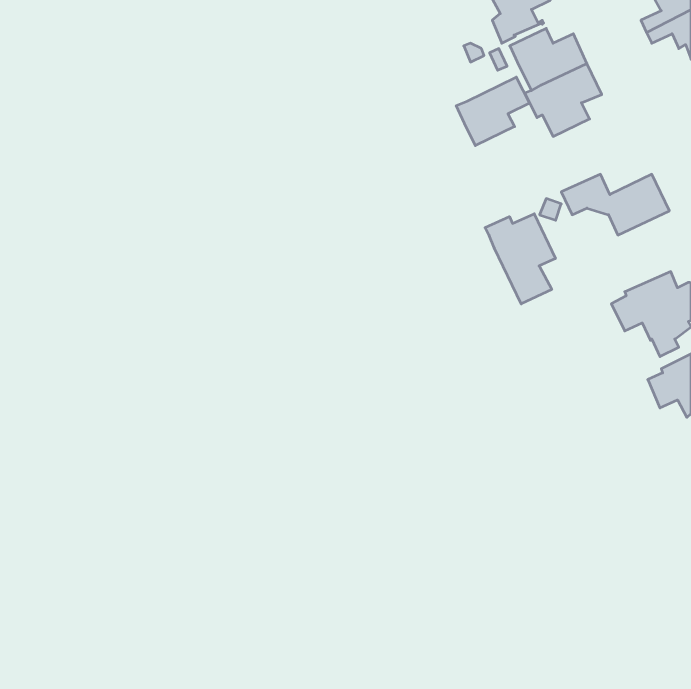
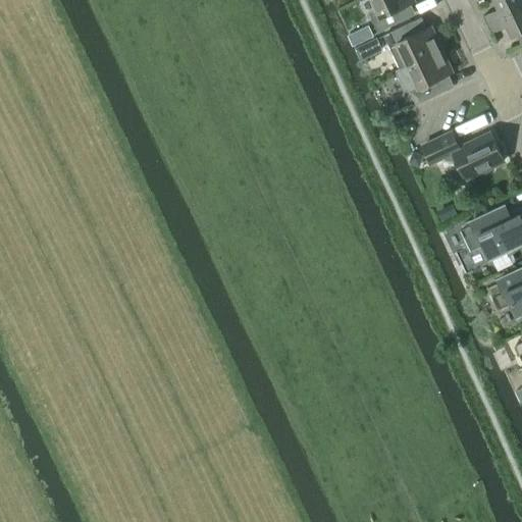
building: [456,77,530,146] -> none
building: [485,214,555,304] -> none

